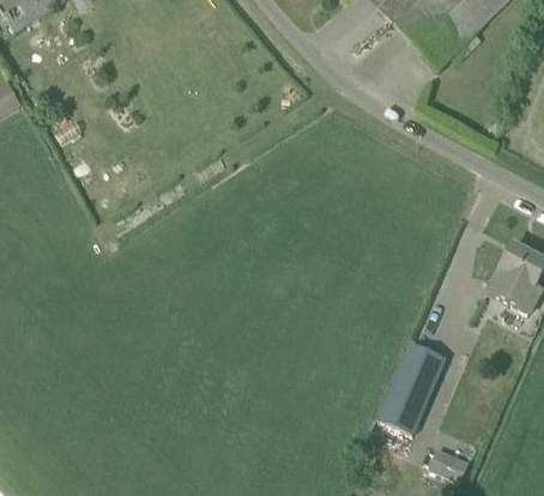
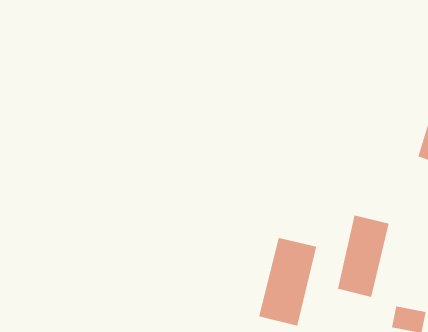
building: none -> [258,237,317,326]

